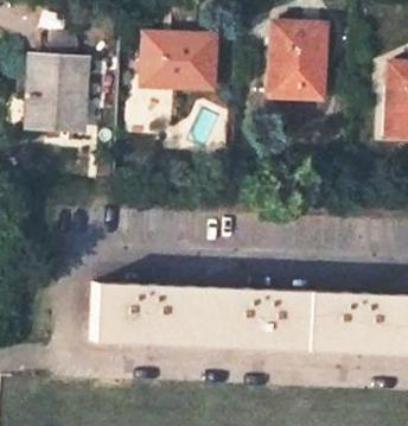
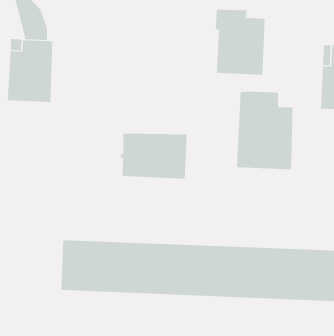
building: [138,34,215,87] -> [119,133,188,179]
building: none -> [236,91,293,170]

